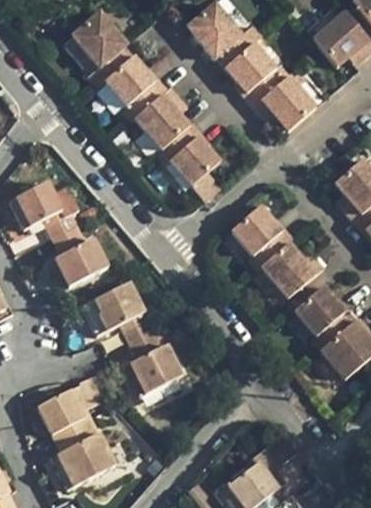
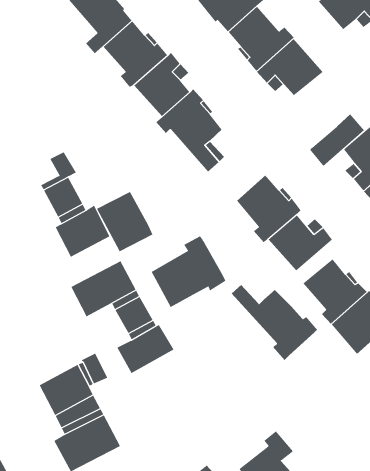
building: none -> [309,114,365,167]
building: [11,179,61,224] -> none
building: none -> [96,191,153,252]
building: none -> [151,236,226,308]
building: none -> [231,284,318,361]

